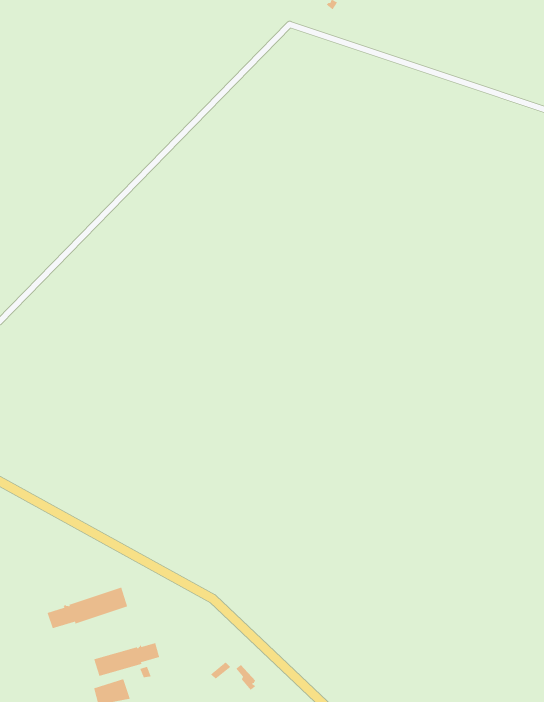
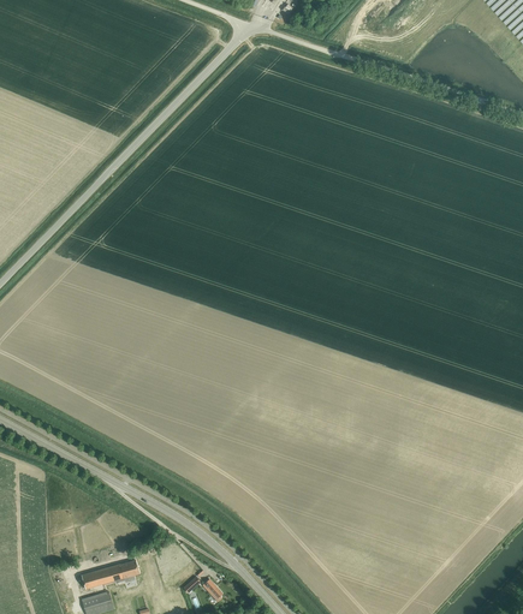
building: [46,586,128,629] -> none

